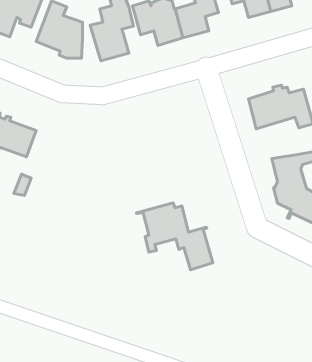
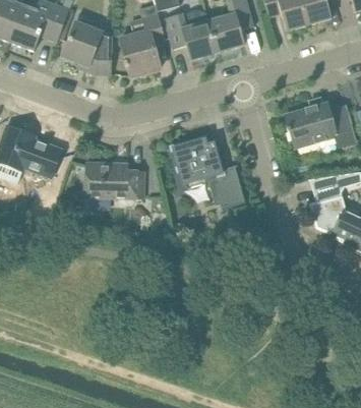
building: none -> [84,163,144,198]
building: [136,203,213,270] -> [166,138,246,209]

